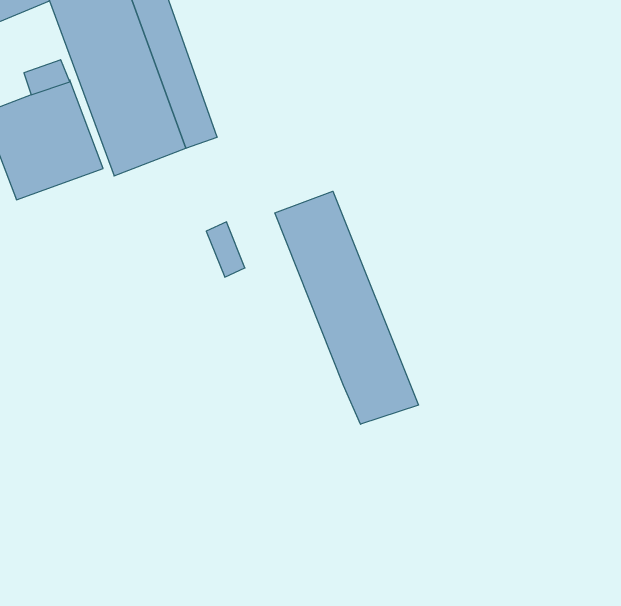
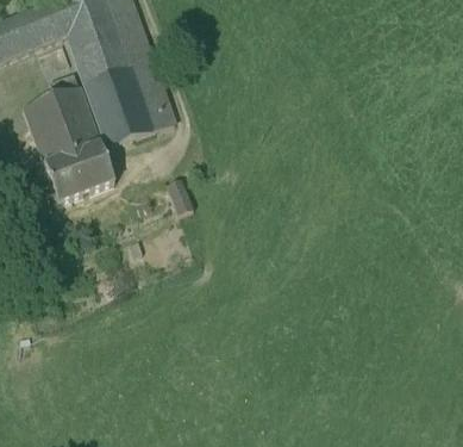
building: none -> [45,142,115,201]
building: [275,191,419,424] -> none

